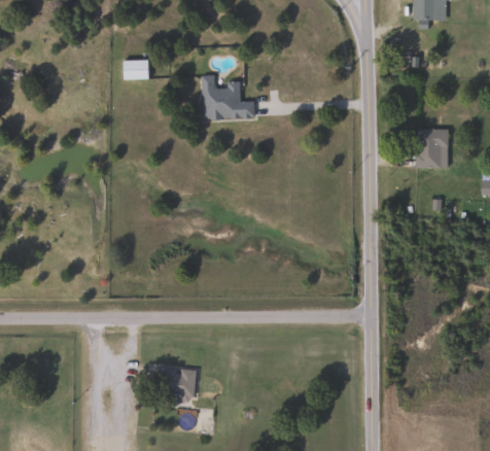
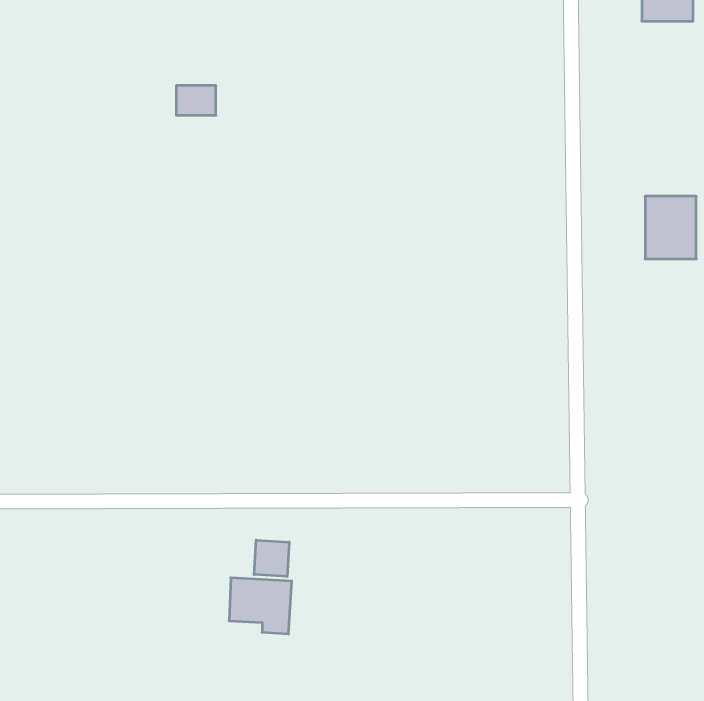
building: [202,75,253,118] -> none
building: none -> [254,540,289,577]

